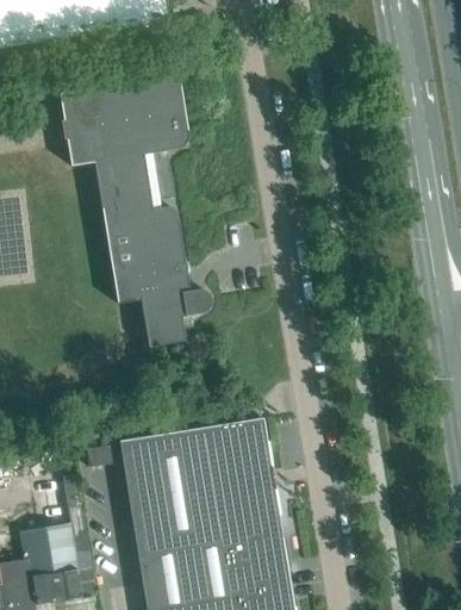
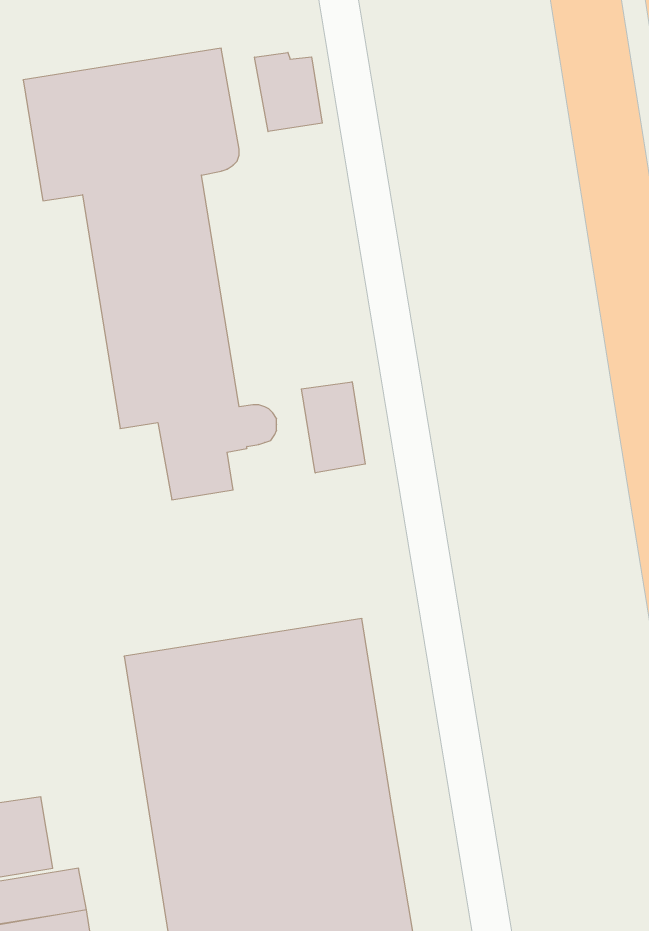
building: none -> [255,52,322,132]
building: none -> [301,382,365,473]

